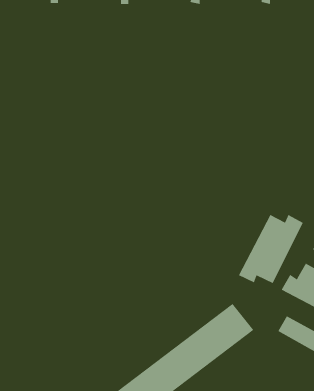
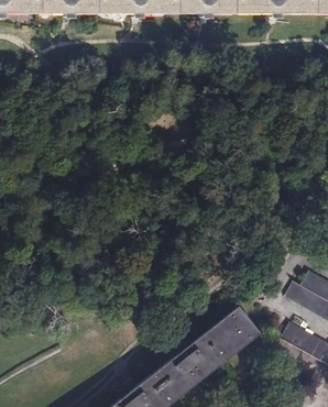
building: [238,214,303,284] -> none

